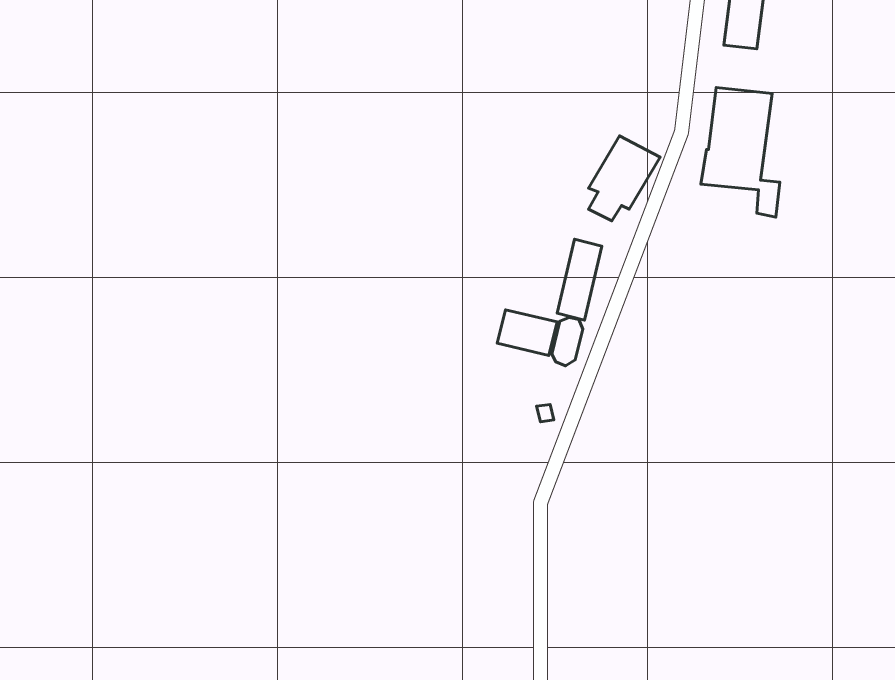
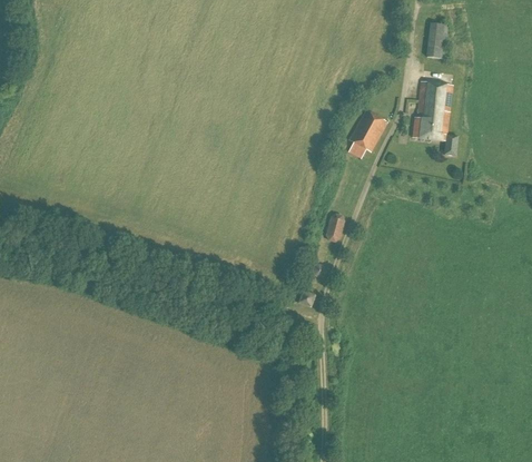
building: [557,239,602,320] -> none
building: [497,310,557,355] -> none

